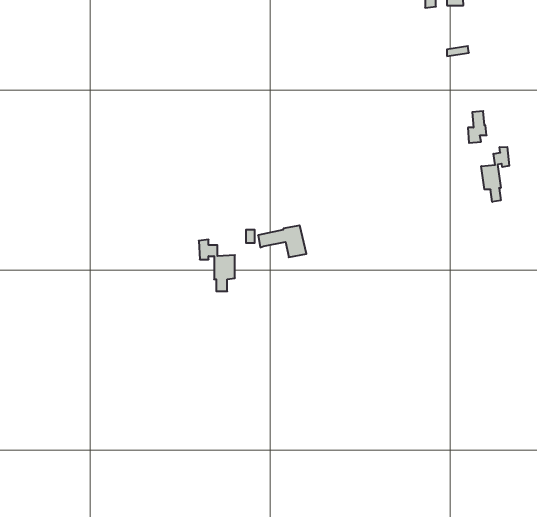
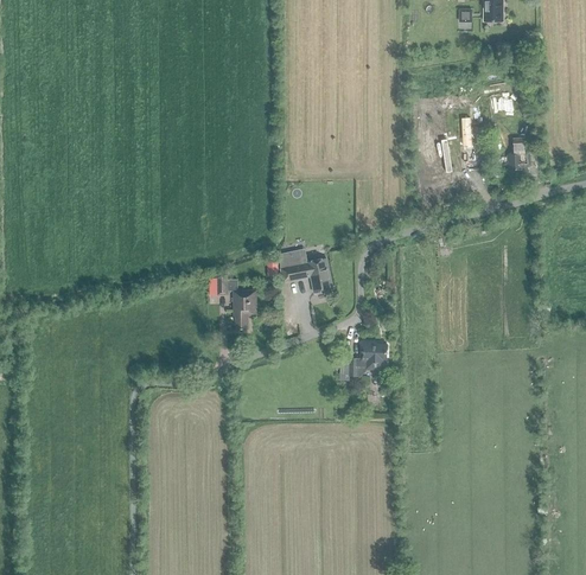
building: [481,147,509,202] -> none
building: none -> [349,343,387,376]

